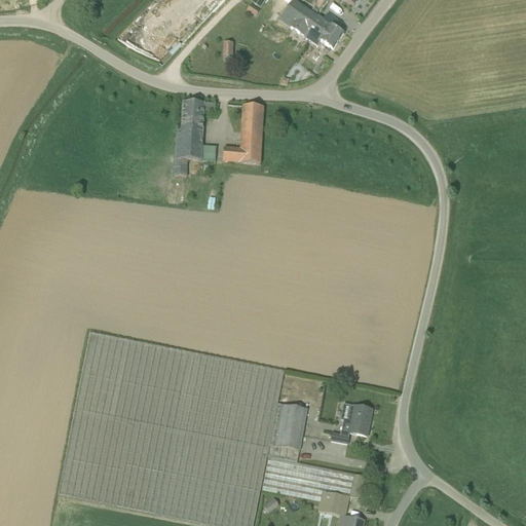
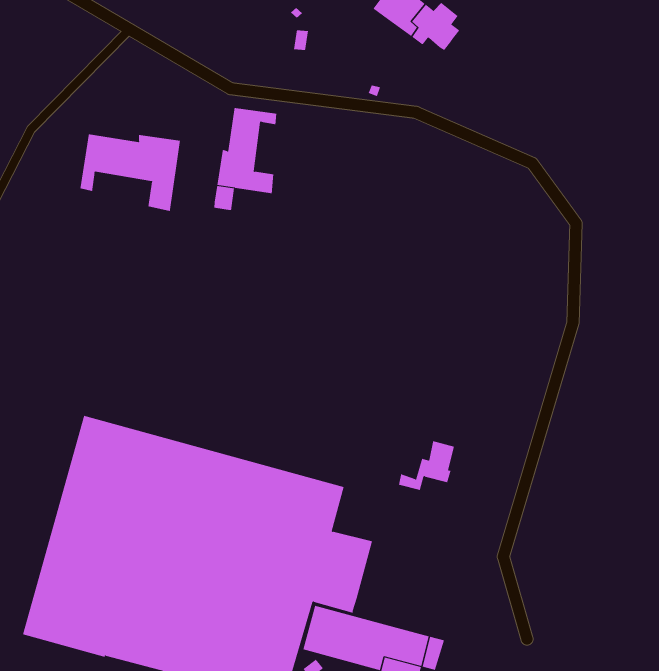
building: [223,105,263,163] -> none
building: none -> [80,134,181,212]
building: [331,406,370,443] -> [398,441,455,491]

